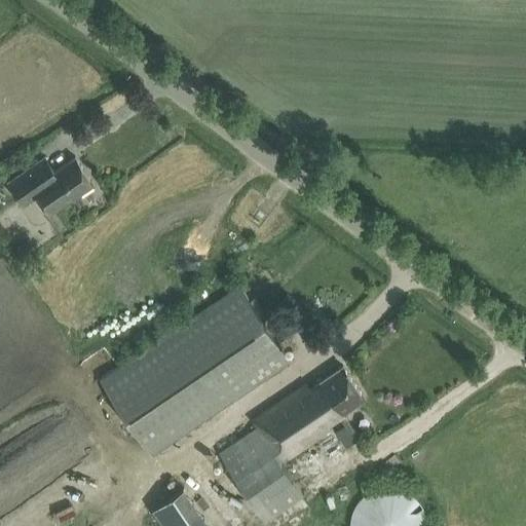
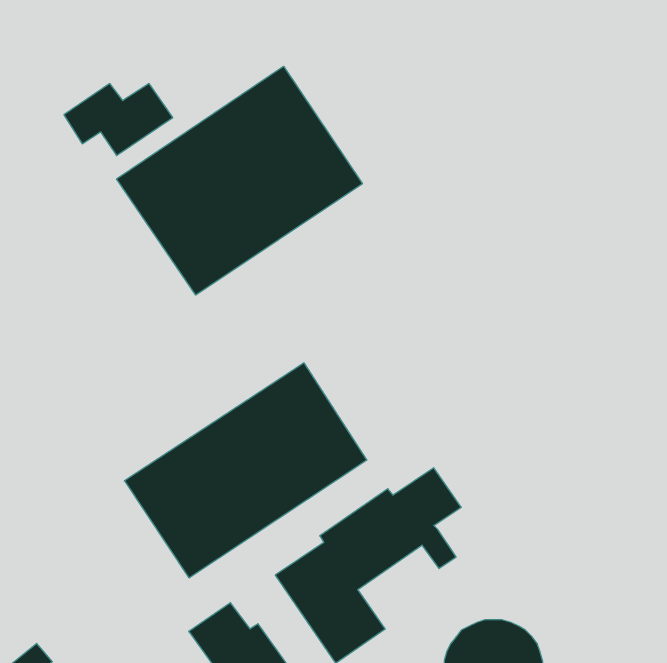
building: none -> [117,66,362,295]
building: [6,161,91,218] -> [64,84,173,156]

